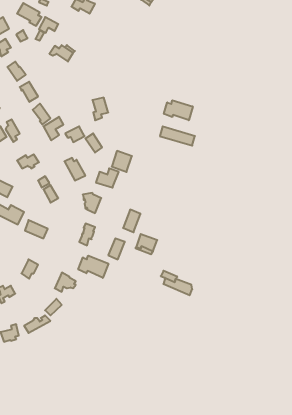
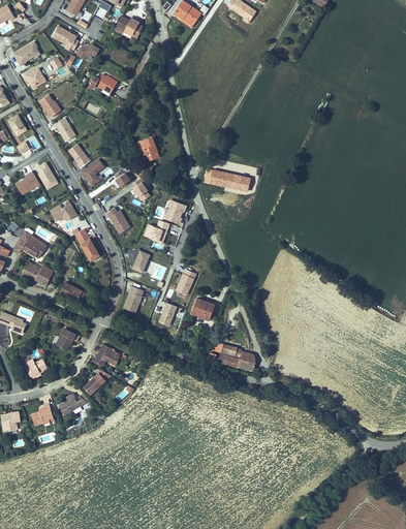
building: [164,100,193,120] -> none
building: [78,256,108,278] -> none

